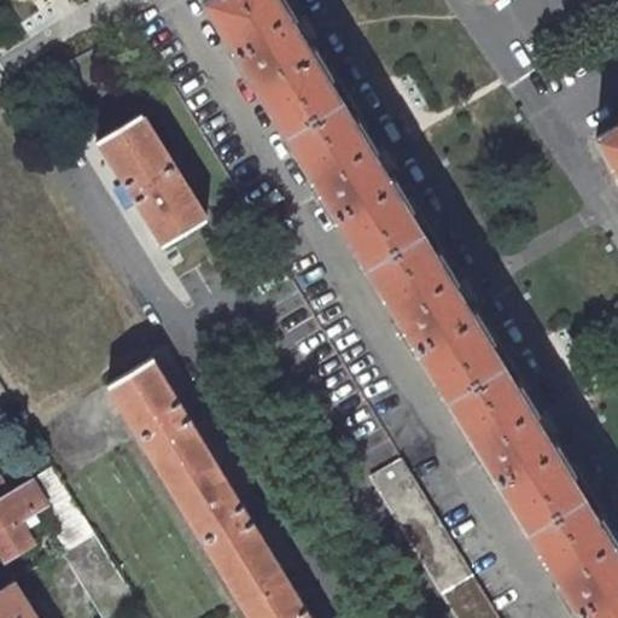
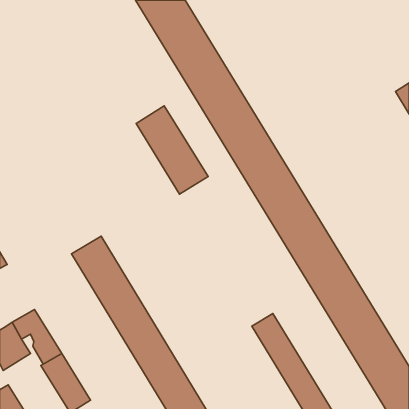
building: [97,113,205,246] -> [136,106,208,194]

